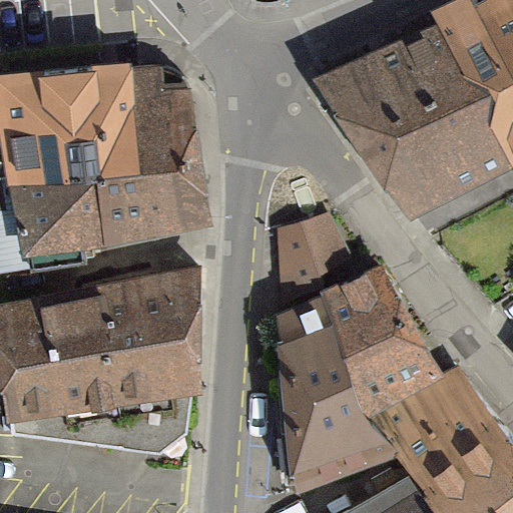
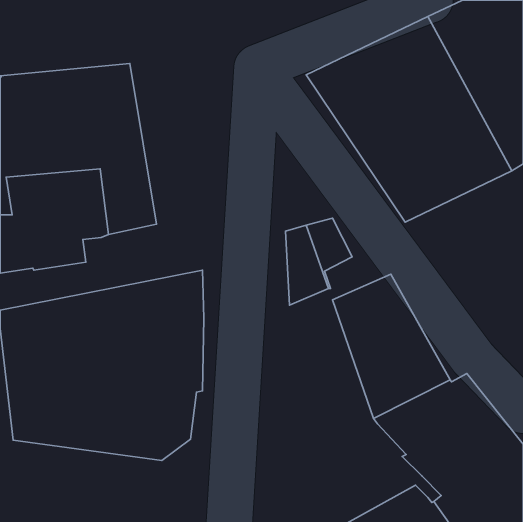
building: [127,62,205,220] -> none
building: [280,295,398,484] -> none

